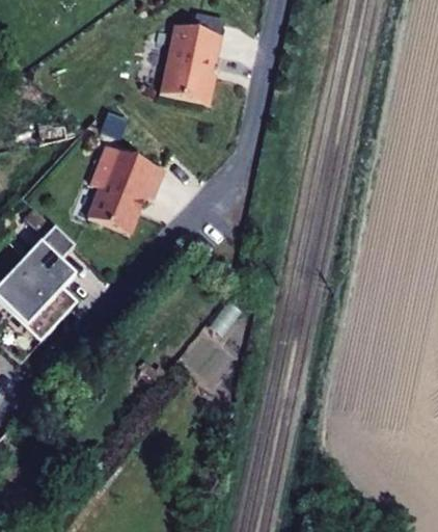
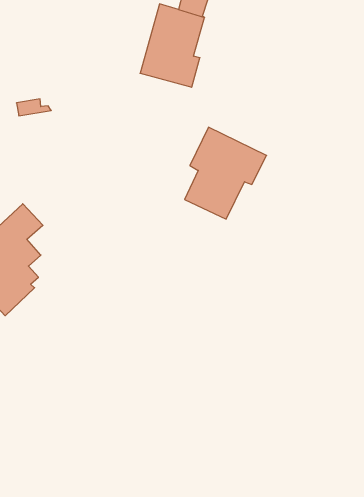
building: [88,144,165,233] -> [185,127,267,219]

